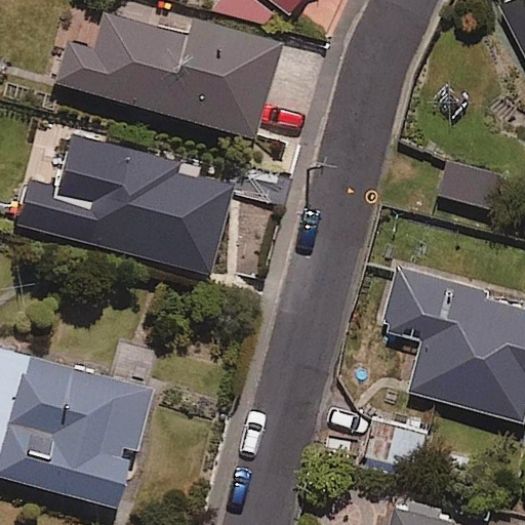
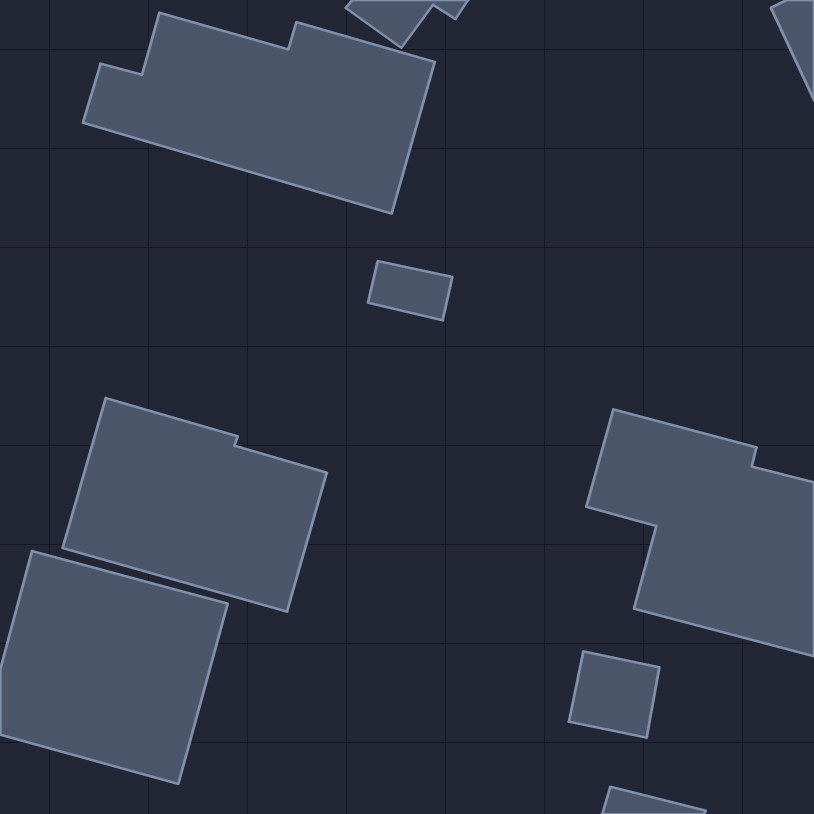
building: [65,140,235,278] -> [63,398,327,612]

